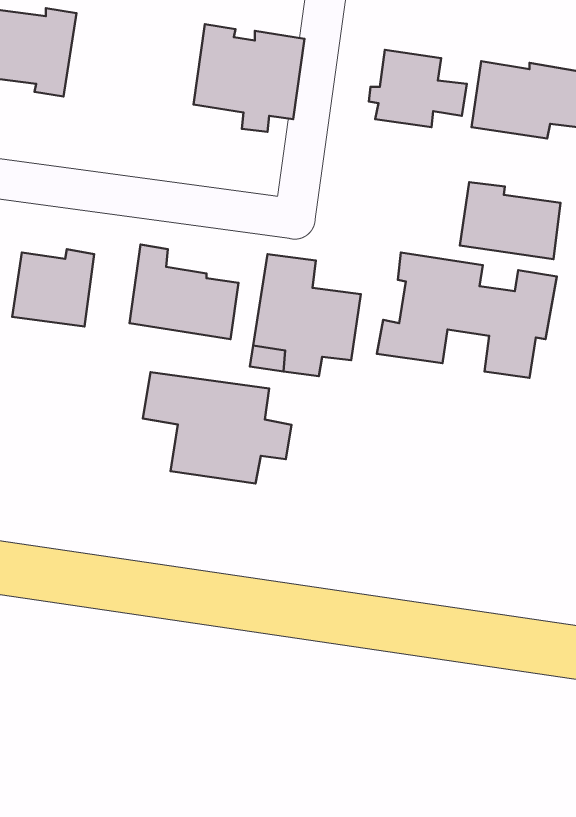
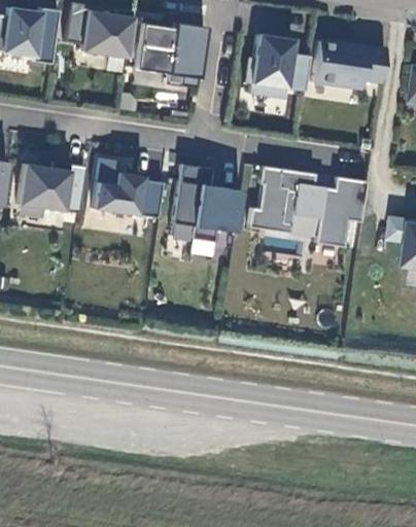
building: none -> [81,8,134,58]
building: [460,182,560,259] -> none
building: [143,372,291,483] -> none

